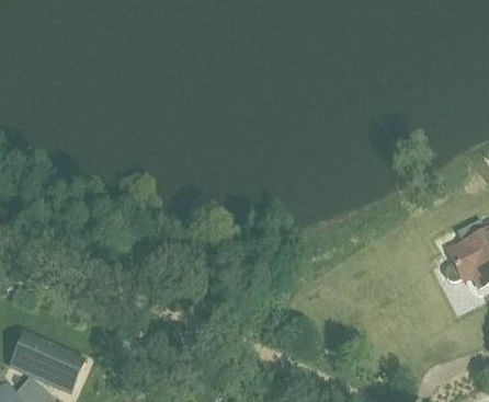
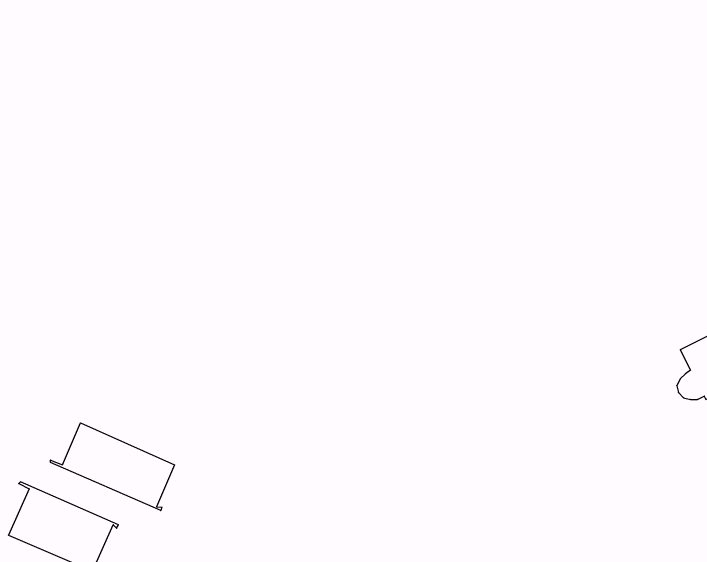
building: none -> [51,423,175,511]

